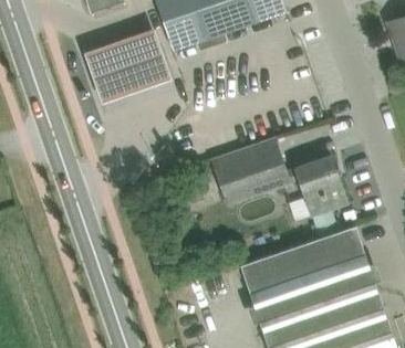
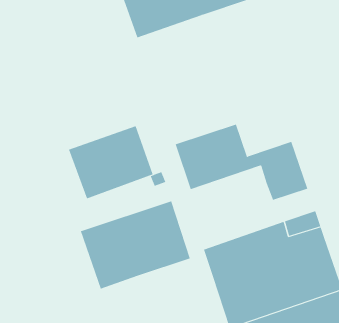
building: [83,24,170,99] -> [68,126,154,199]
building: none -> [80,200,191,289]

